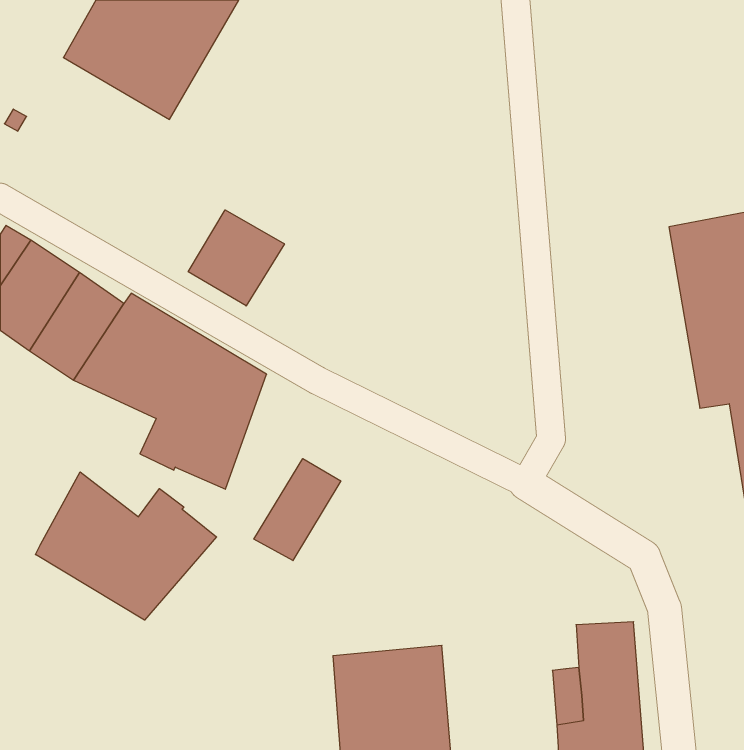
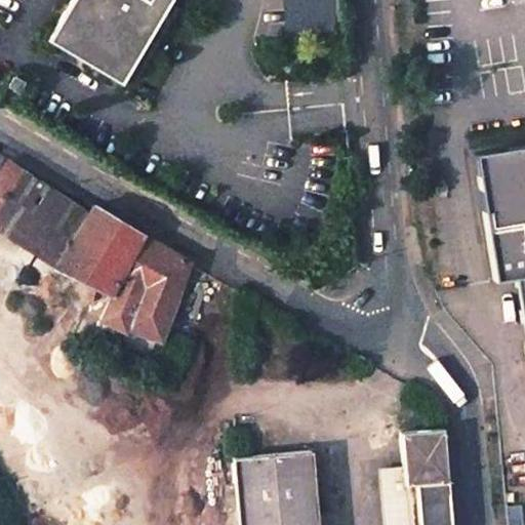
building: [188,210,284,306] -> none
building: [254,459,341,561] -> none
building: [35,472,217,620] -> none

